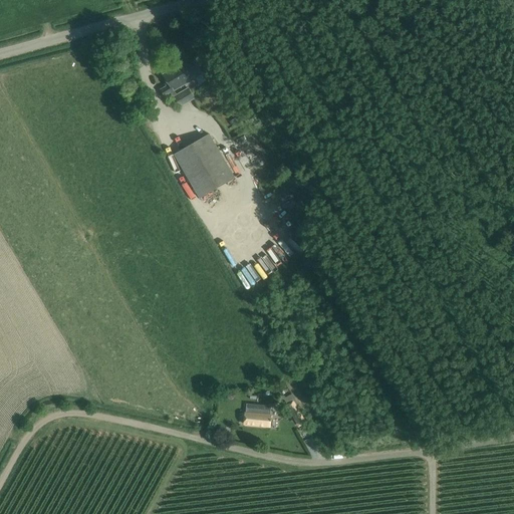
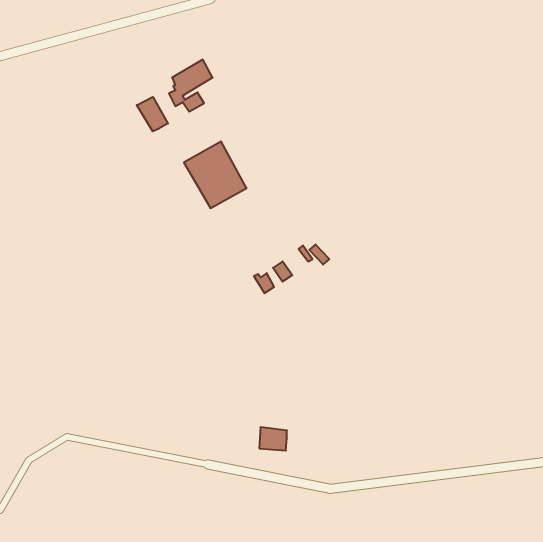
building: none -> [137,97,168,131]

